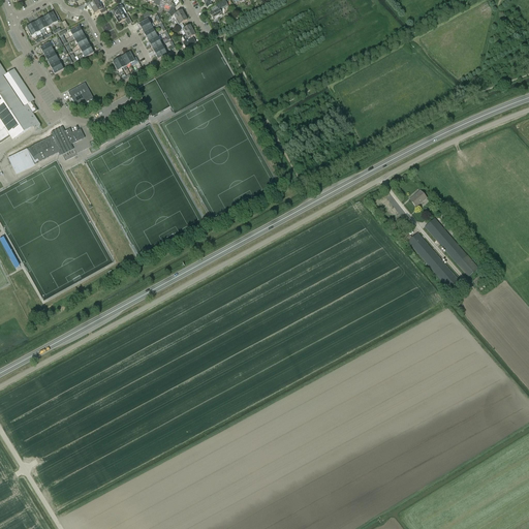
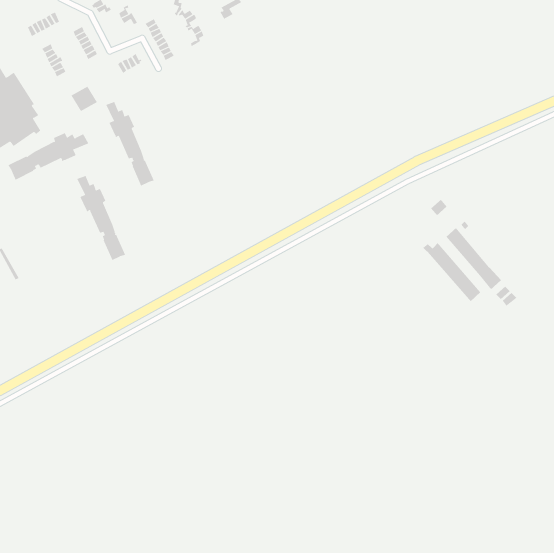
building: none -> [105,101,154,187]
building: none -> [77,175,126,261]

